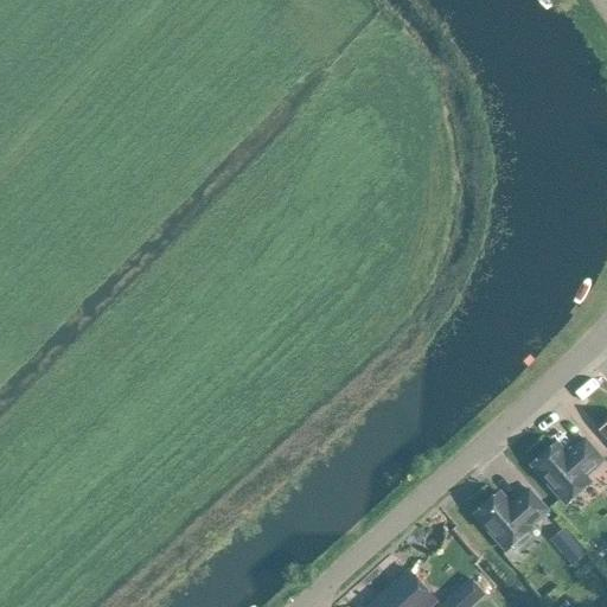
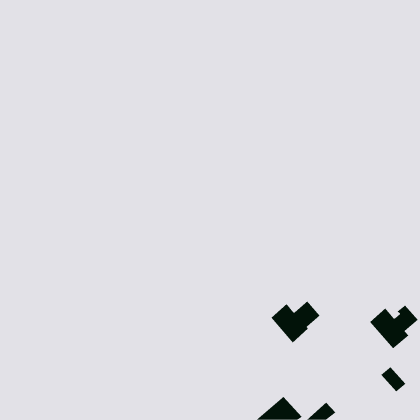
building: [475,490,548,551] -> [270,301,321,343]

